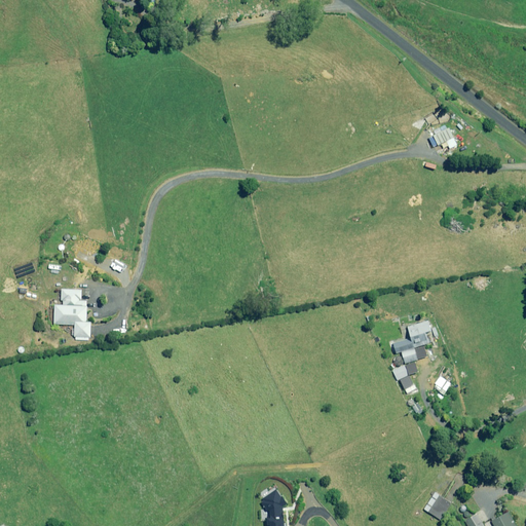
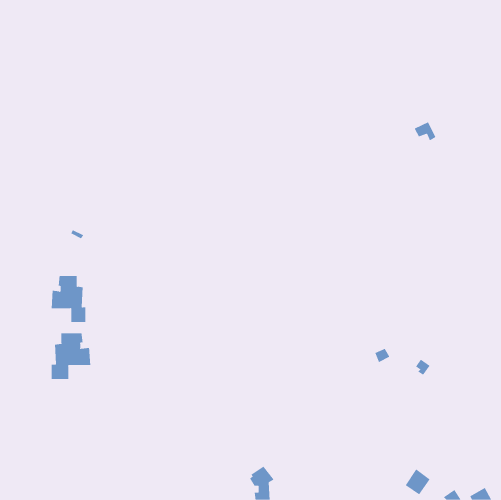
building: [393,320,433,363] -> none
building: none -> [51,332,91,380]

